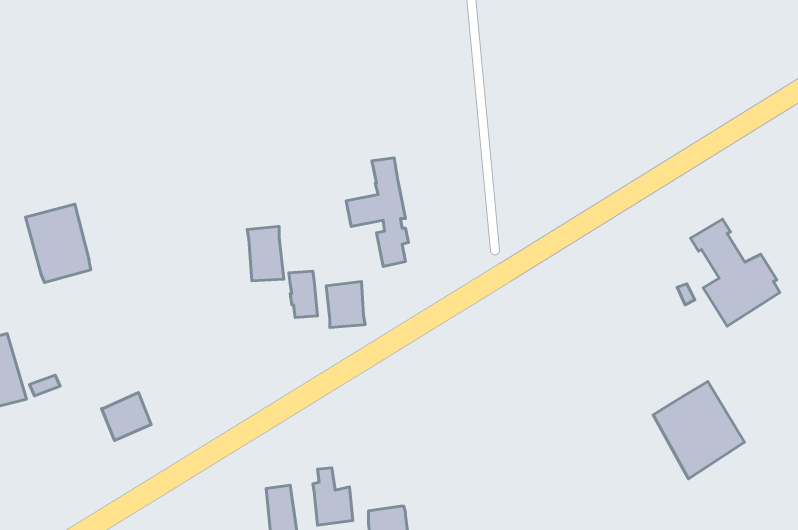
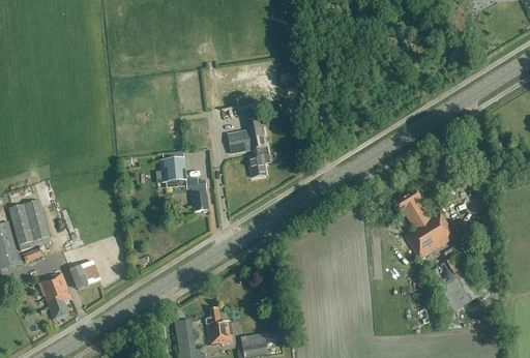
building: [25,204,91,283] -> [8,200,51,250]
building: [690,219,780,326] -> [395,190,453,260]
building: [326,282,365,327] -> none
building: none -> [39,273,71,320]

